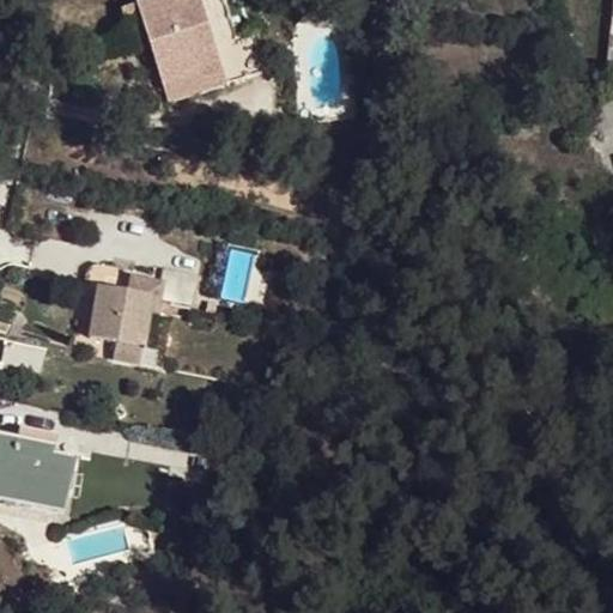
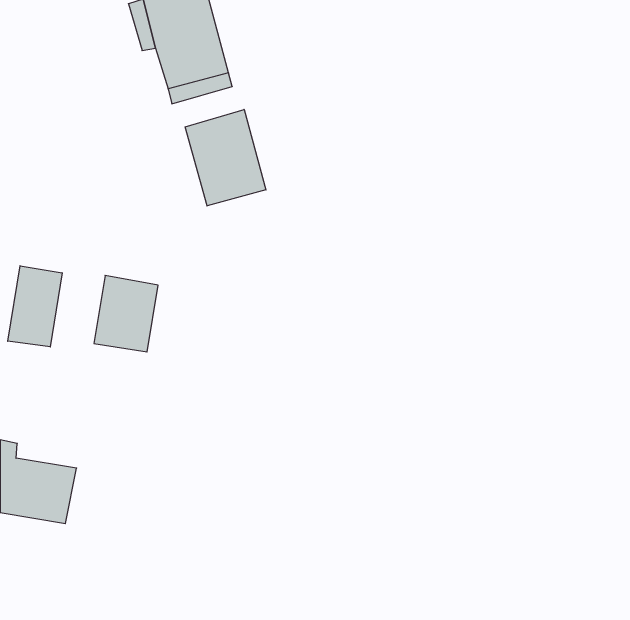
building: none -> [185,109,266,206]
building: none -> [8,266,62,347]

